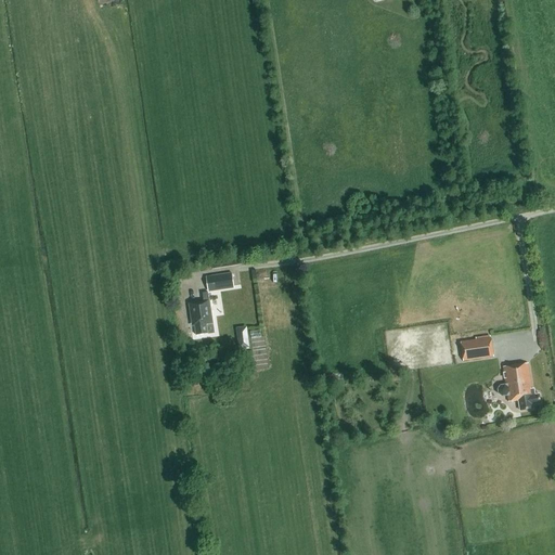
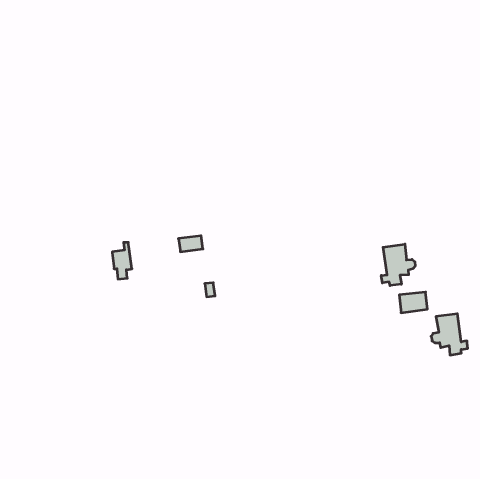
building: none -> [381,244,415,286]
building: [190,292,212,334] -> [112,242,132,279]

